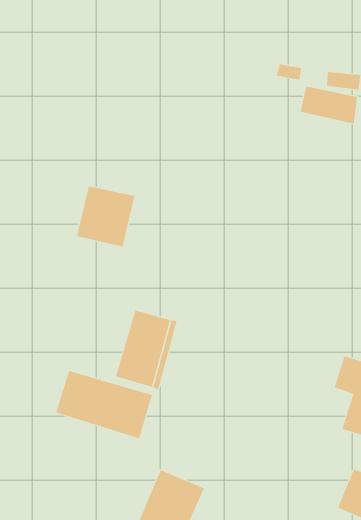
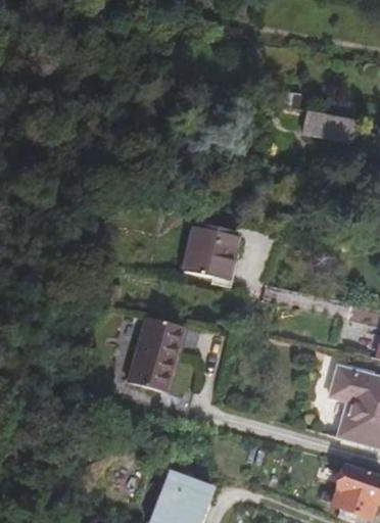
building: [76,186,135,247] -> [178,218,233,275]
building: [55,370,153,439] -> none

